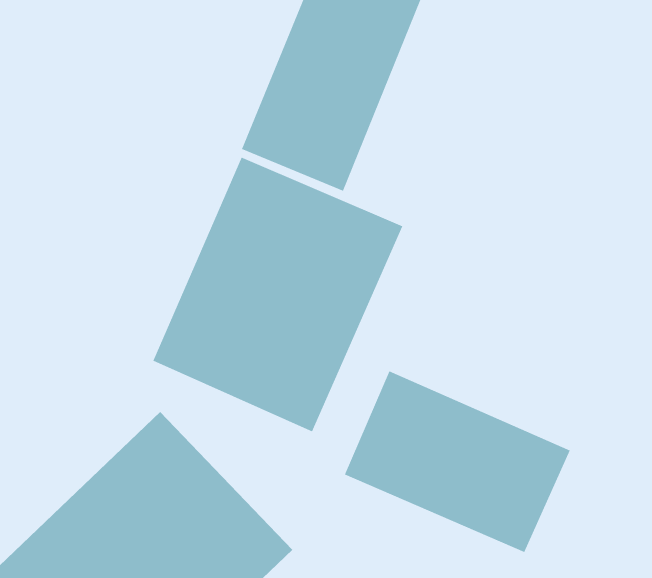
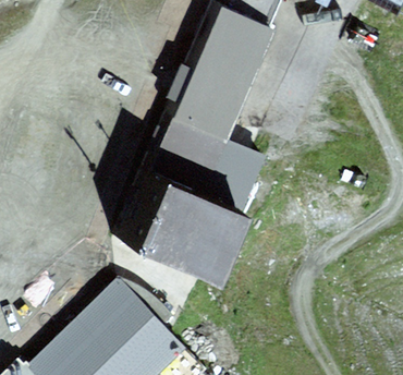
building: [344,370,570,553] -> none

